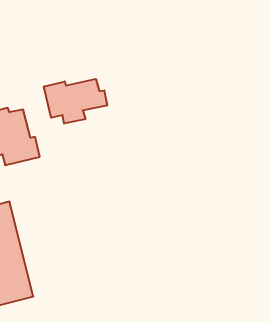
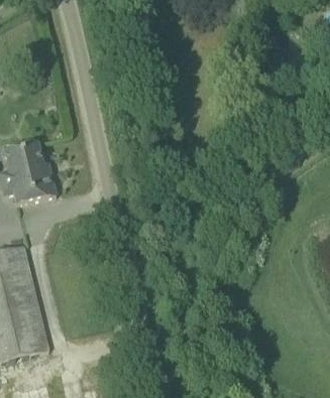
building: [44,79,107,124] -> none

